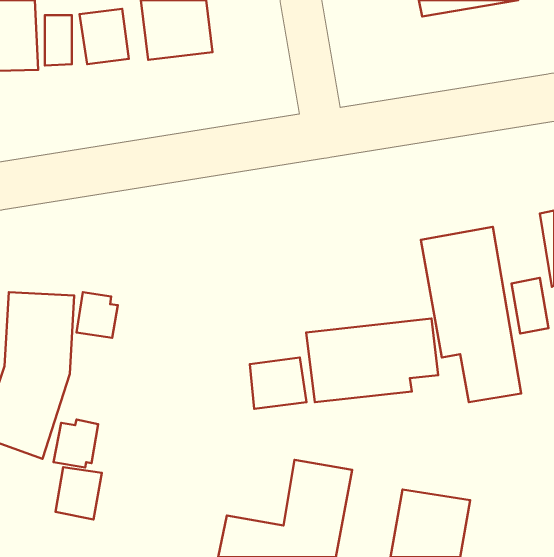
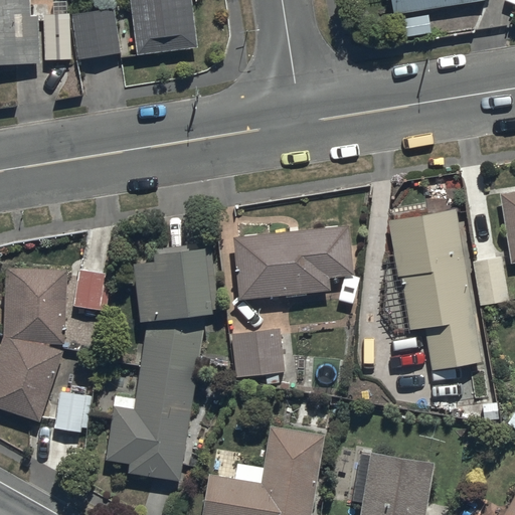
building: none -> [107,245,211,482]
building: [306,318,438,402] -> [233,223,355,301]
building: [55,467,102,519] -> none

